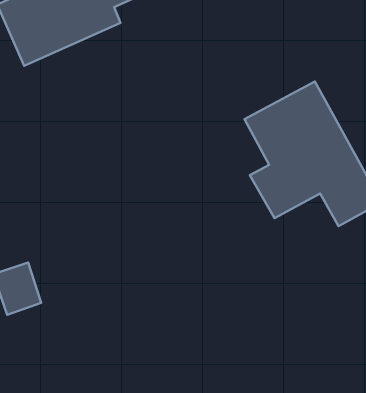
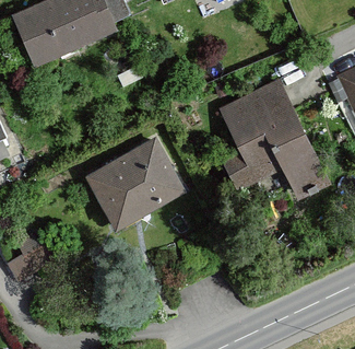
building: none -> [90,140,189,234]

